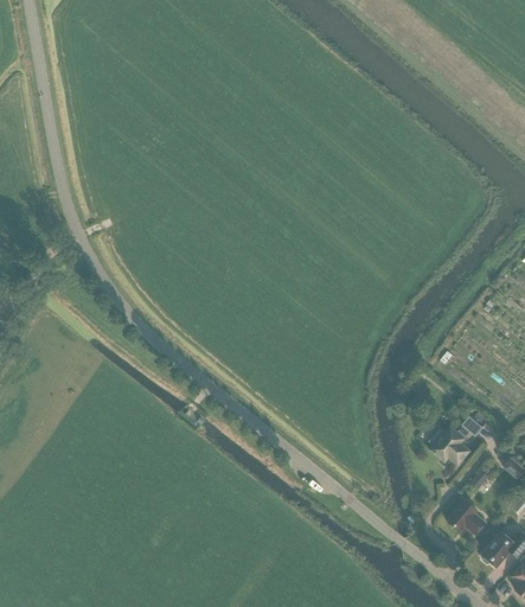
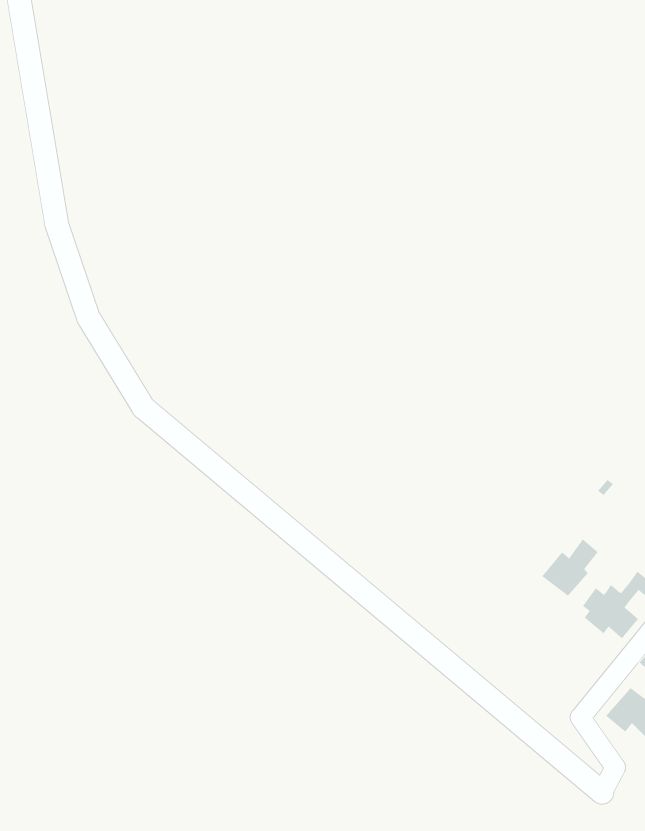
building: none -> [542,539,599,596]

